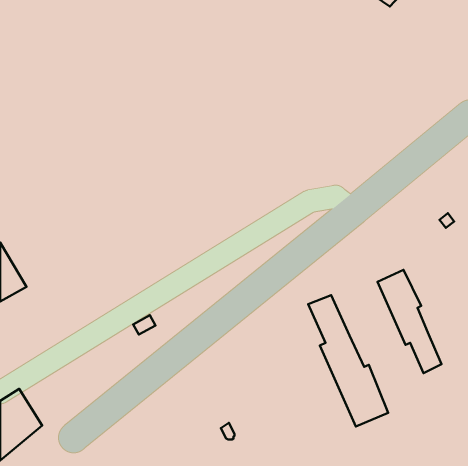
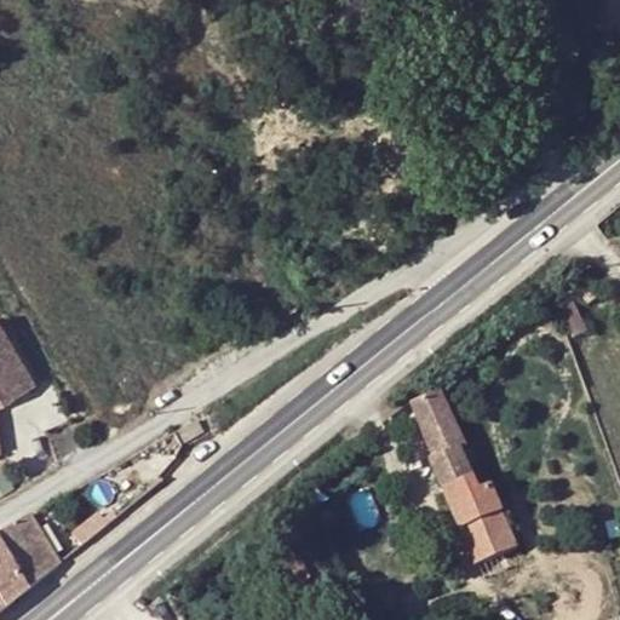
building: [378,270,442,373] -> none

